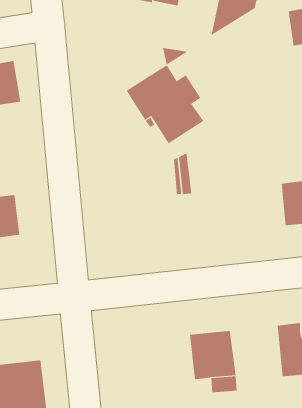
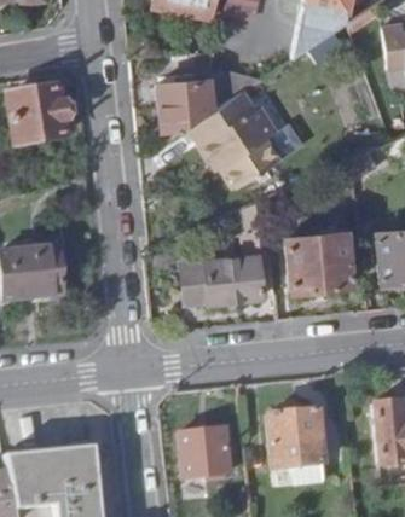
building: none -> [160,72,214,139]
building: none -> [288,228,351,289]
building: none -> [181,252,264,303]
building: none -> [180,425,230,478]

